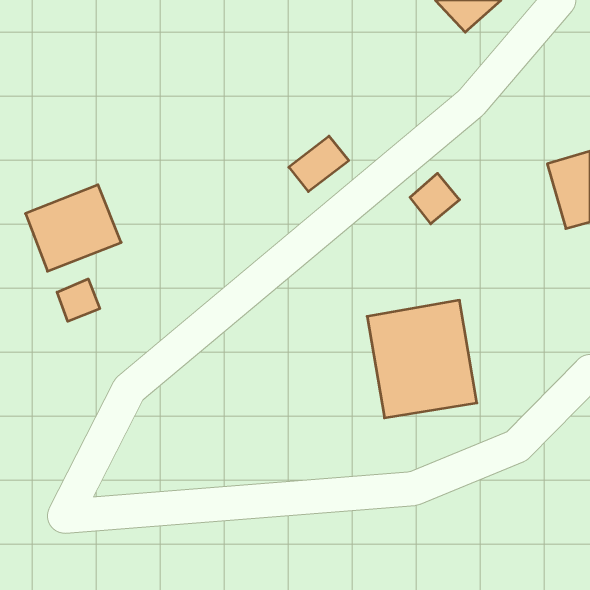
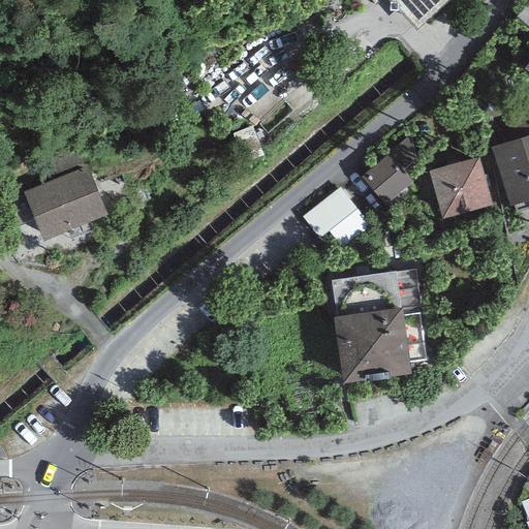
building: [289,136,349,192] -> [307,191,361,241]
building: none -> [428,156,493,220]
building: [57,279,100,321] -> none

